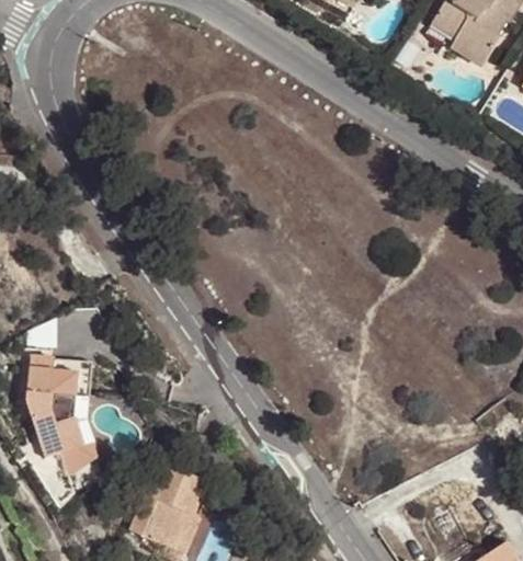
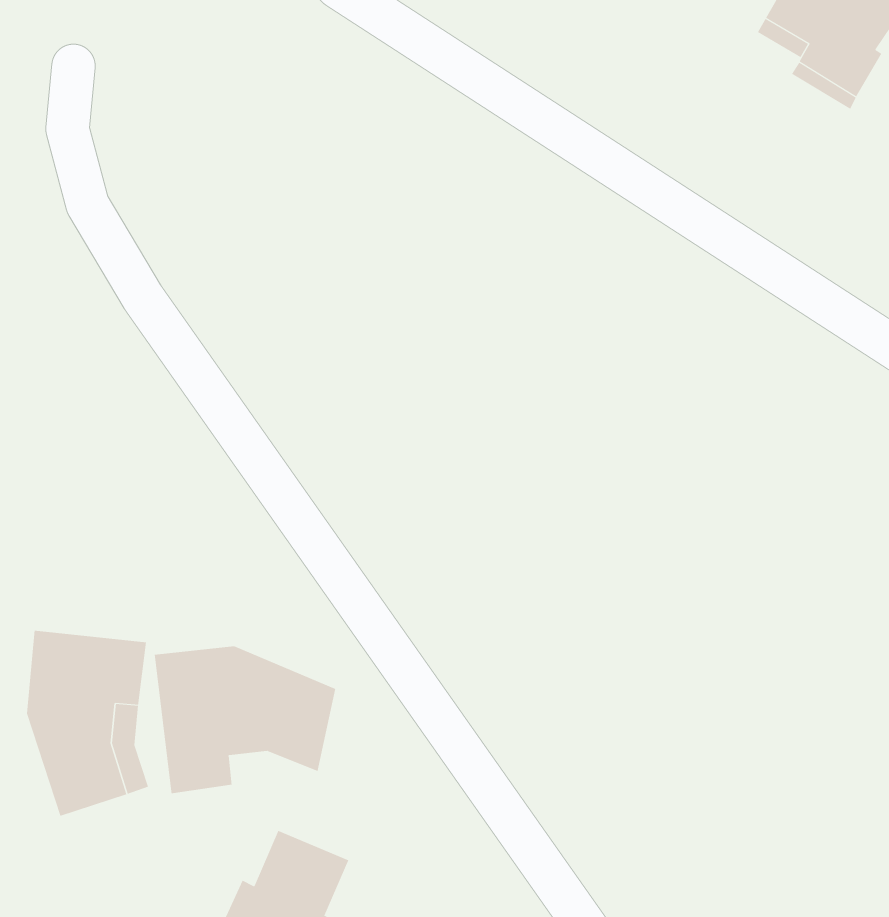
building: none -> [154,645,336,794]

